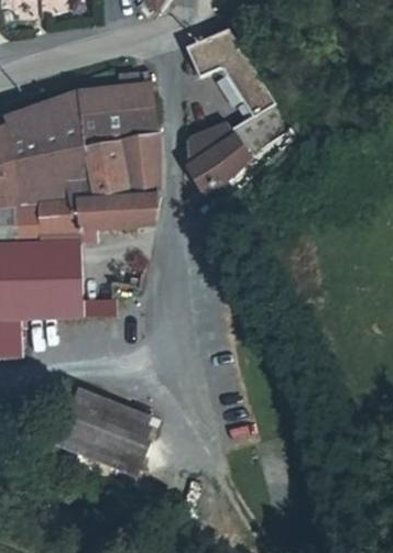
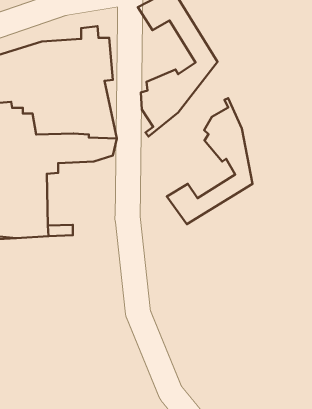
building: none -> [167,98,252,224]
building: [54,385,155,473] -> none

